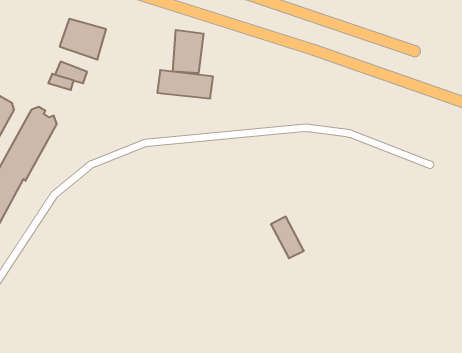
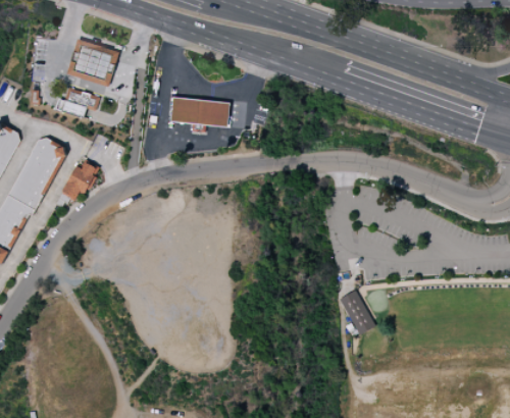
building: [173,30,204,73] -> none
building: none -> [59,159,99,201]
building: [271,217,304,258] -> [339,290,374,334]

